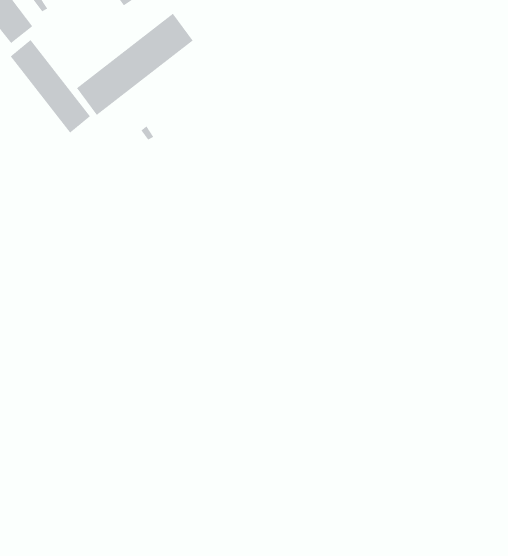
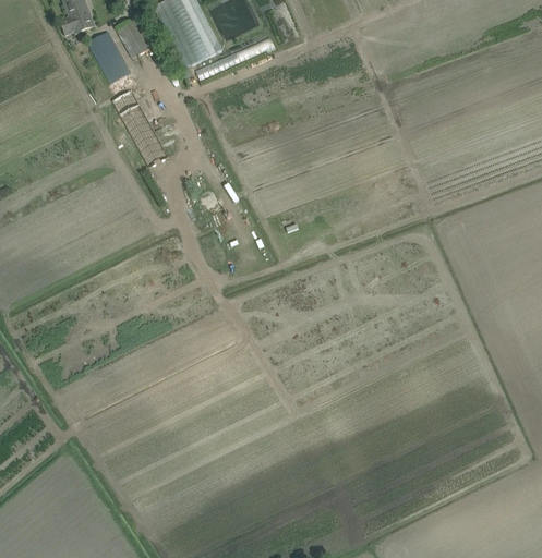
building: [76,13,193,116] -> none

